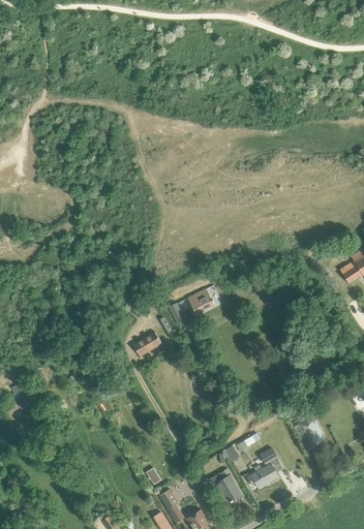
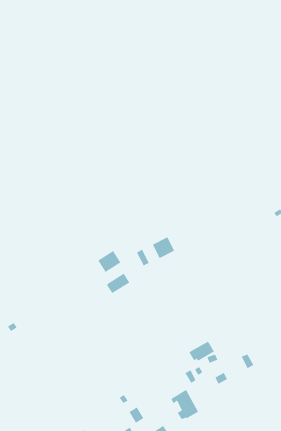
building: none -> [98,250,121,273]
building: [247,464,278,488] -> [188,341,215,361]

